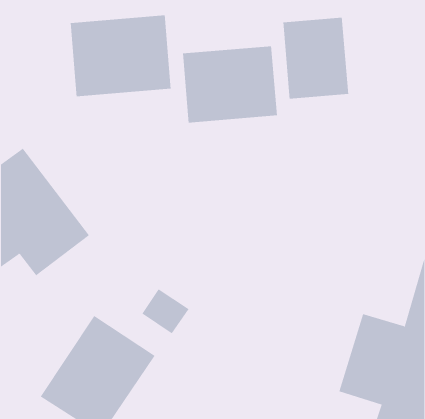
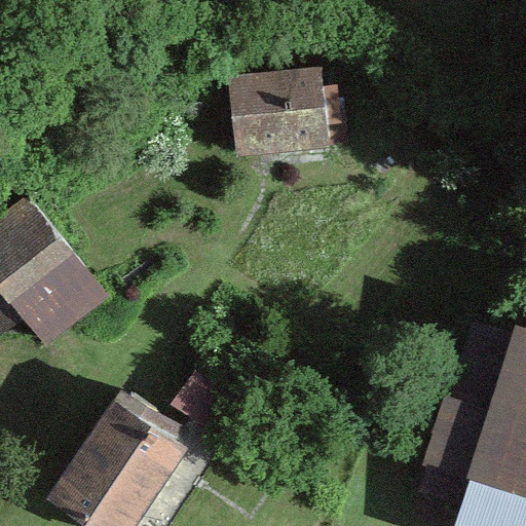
building: [70,14,171,97] -> none
building: [283,17,349,99] -> none

